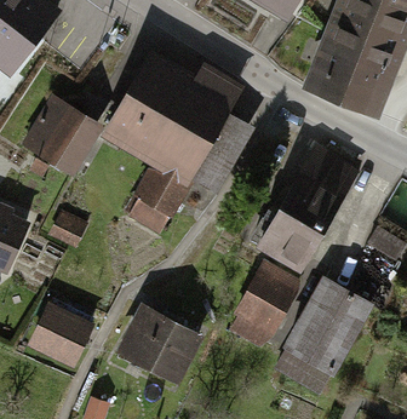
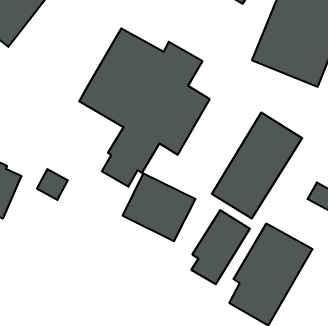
building: [22,93,103,176] -> none
building: [27,300,93,366] -> none
building: [117,305,204,385] -> [123,173,196,241]

